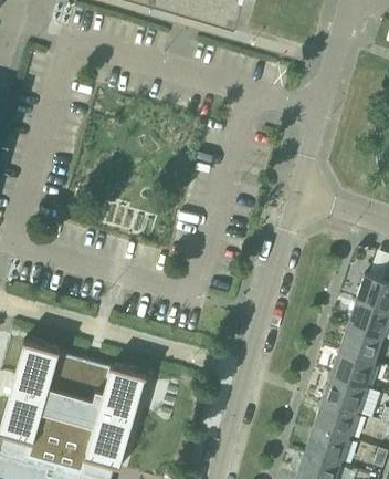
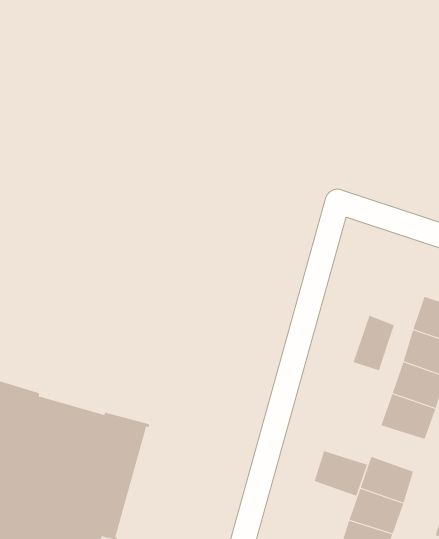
building: none -> [353,315,395,371]
building: [320,384,364,420] -> [314,450,368,496]

